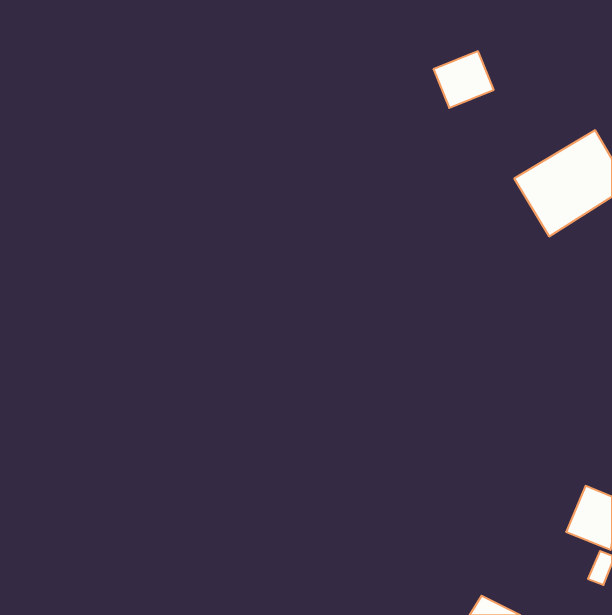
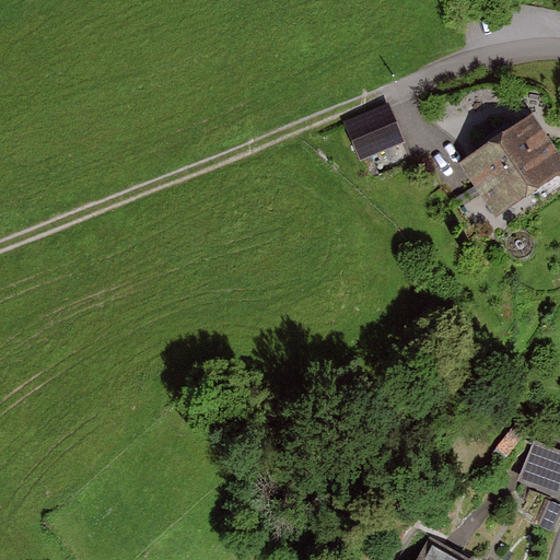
building: [433,51,494,108] -> [348,105,402,156]

